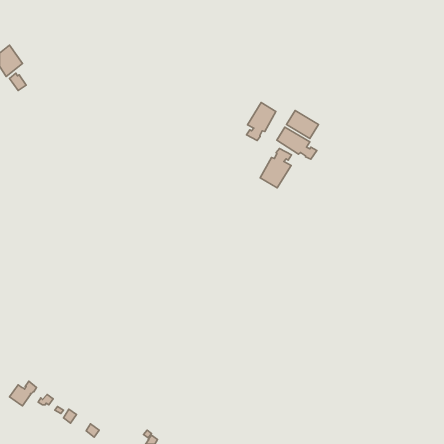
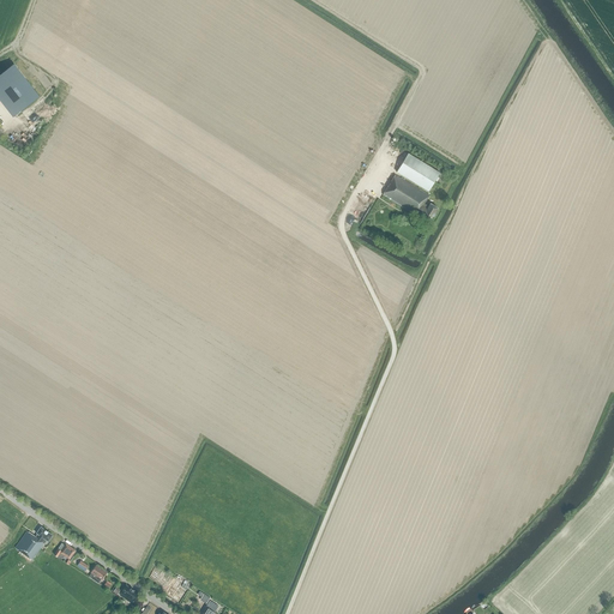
building: [246,103,276,141] -> none
building: [260,148,292,188] -> none

